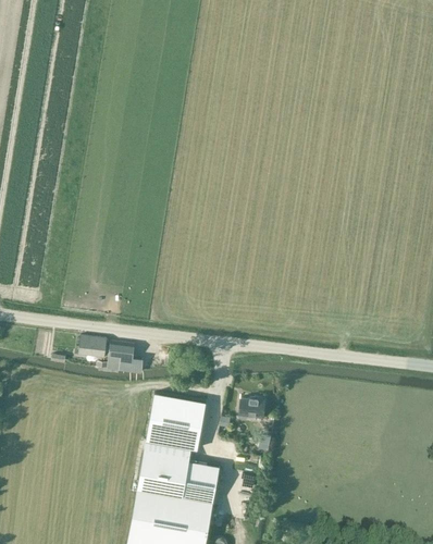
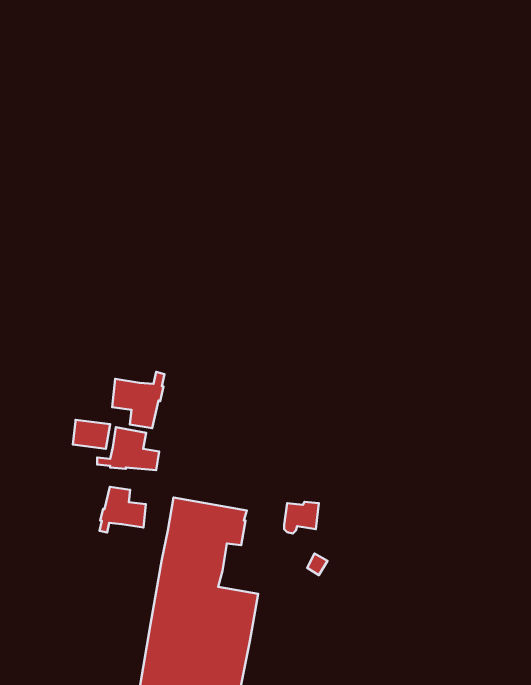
building: none -> [112,372,164,428]
building: none -> [100,487,146,533]

